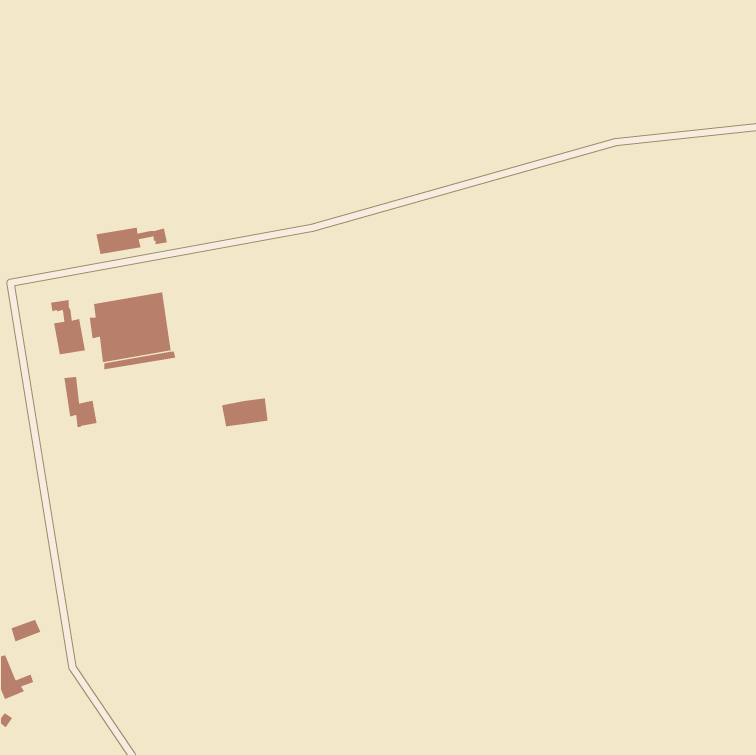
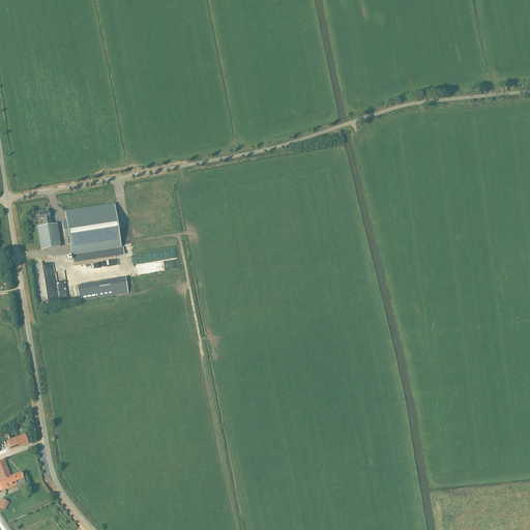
building: [96,227,168,255] -> none
building: [221,397,268,427] -> [94,276,127,297]

